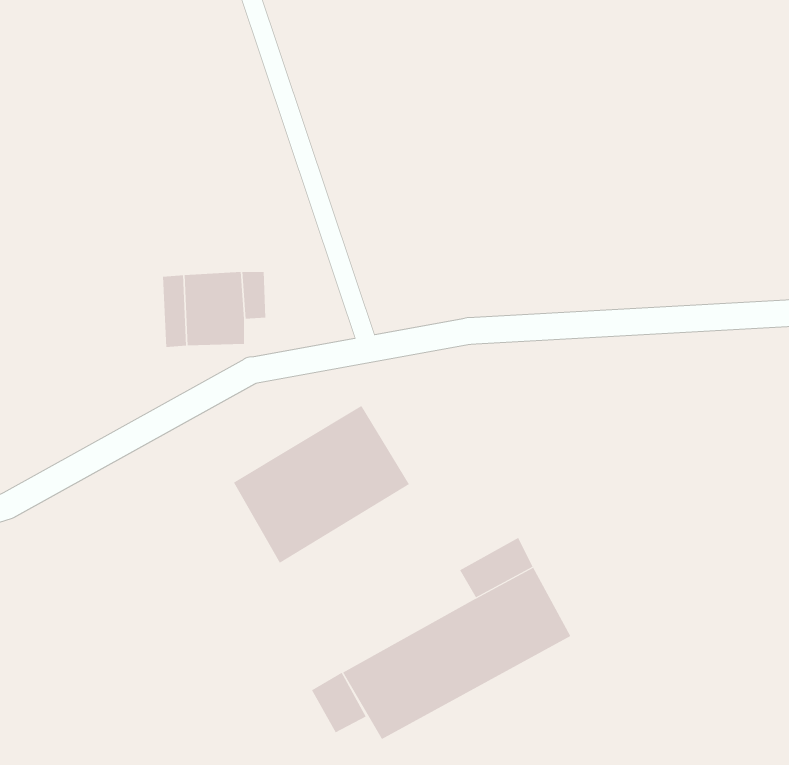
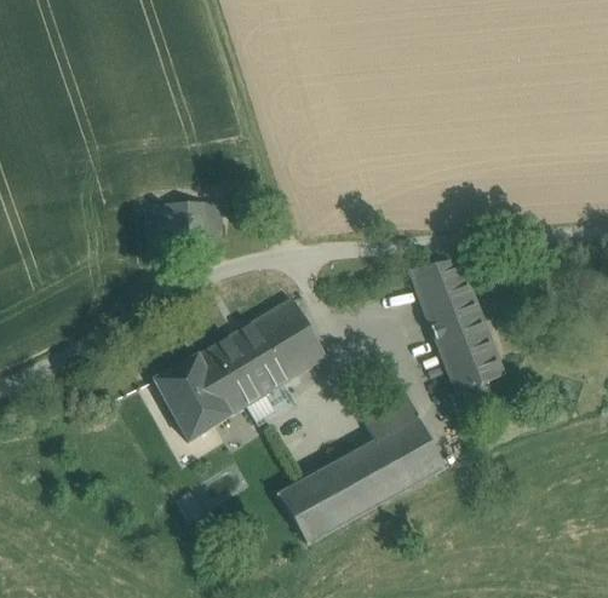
building: none -> [409,257,505,395]
building: none -> [154,355,231,441]
building: [311,672,366,733] -> none

